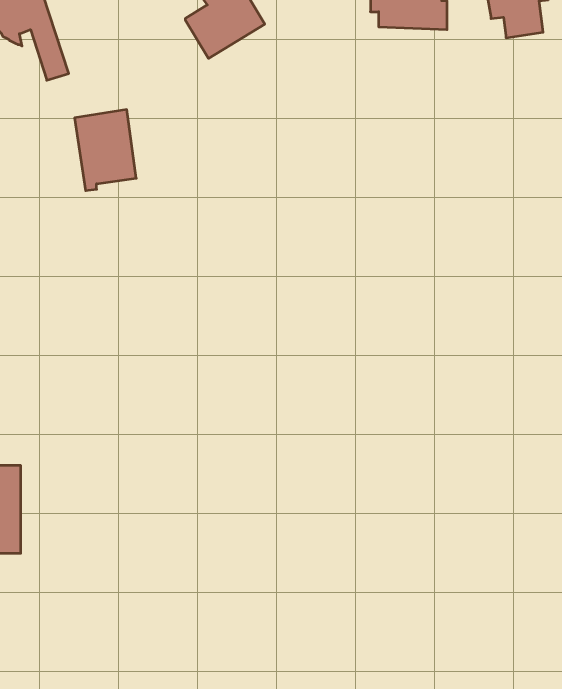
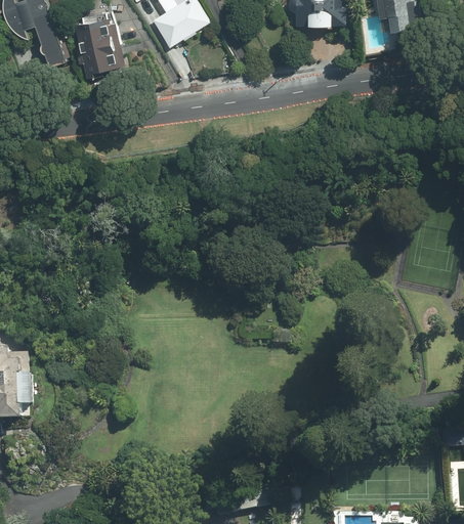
building: [75,110,136,191] -> [78,17,124,78]

